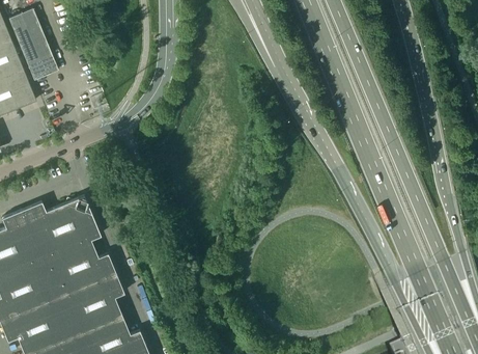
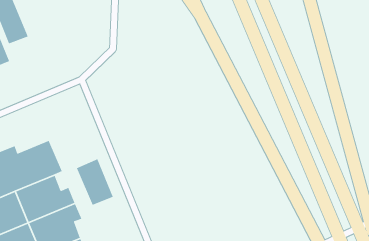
building: none -> [76,158,114,206]

